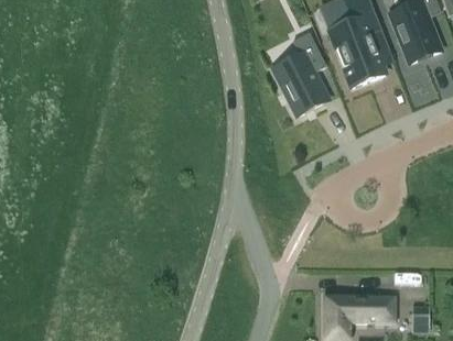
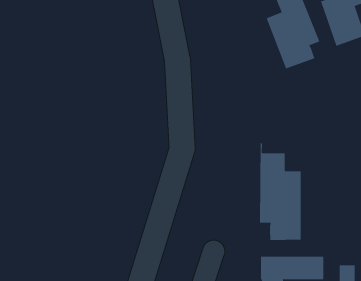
building: [272,33,327,116] -> none
building: none -> [259,143,301,241]

